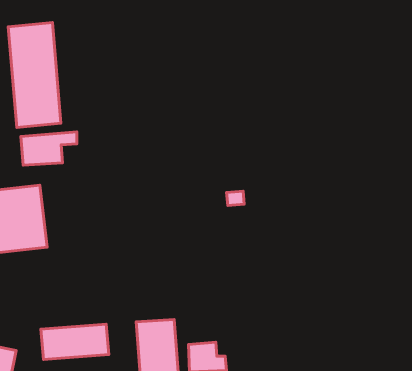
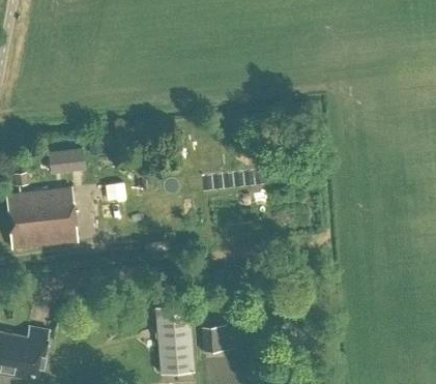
building: [8,23,61,127] -> none
building: [41,324,109,359] -> none

